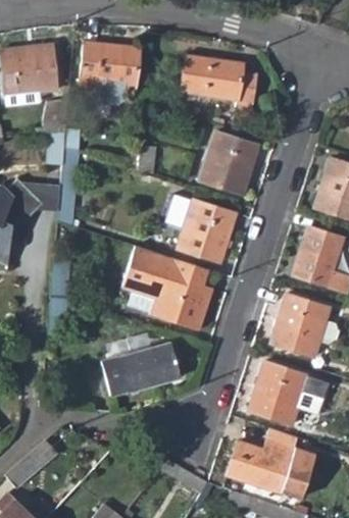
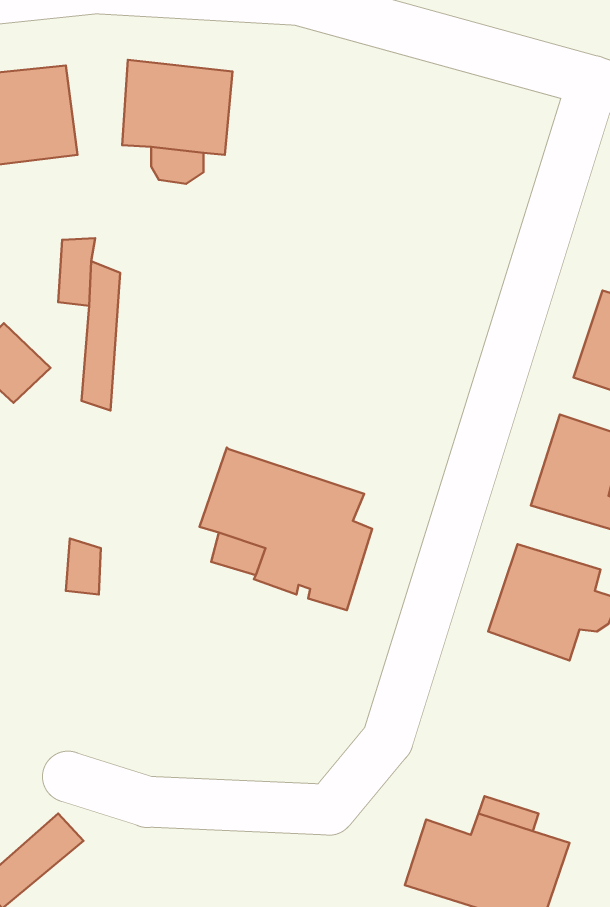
building: [181,57,255,119] -> none
building: [199,133,255,195] -> none
building: [177,201,235,263] -> none
building: [104,342,184,396] -> none
building: [249,365,328,424] -> none

